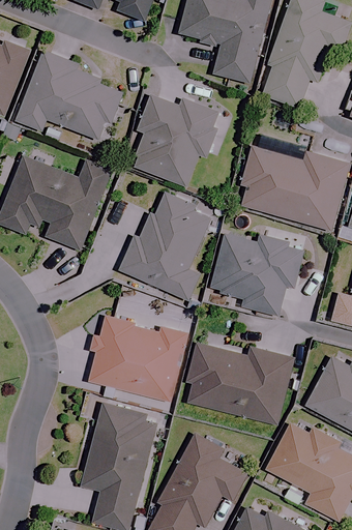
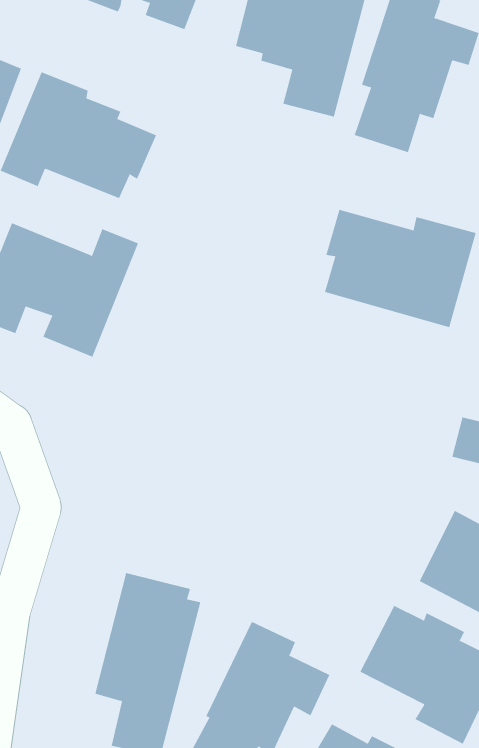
building: [133,98,215,186] -> none
building: [117,189,210,300] -> none
building: [210,233,302,316] -> none
building: [89,315,186,402] -> none
building: [187,344,292,423] -> none

